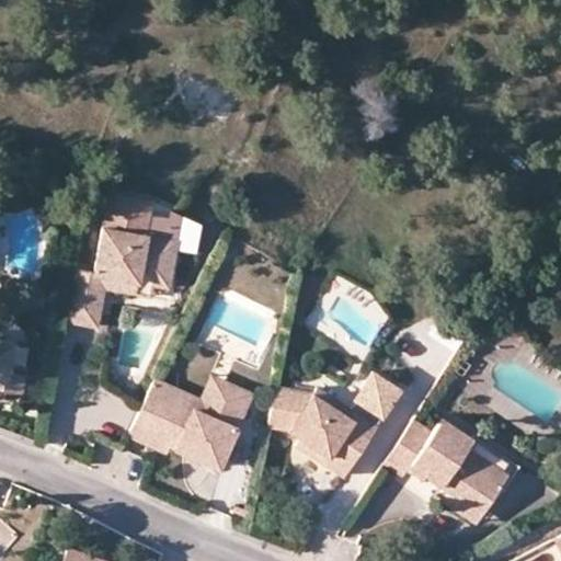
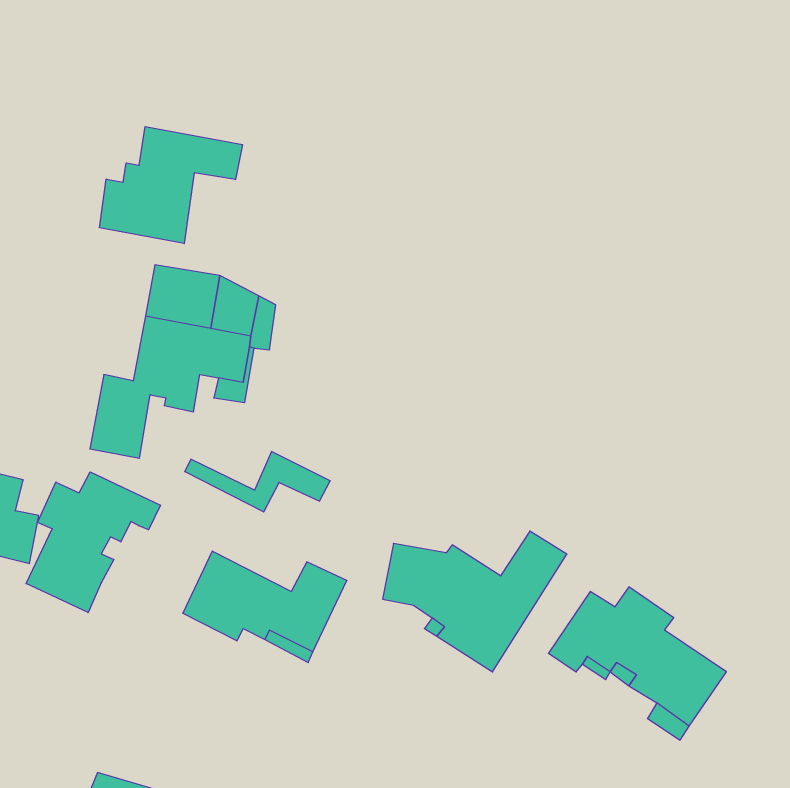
building: none -> [100,127,243,244]
building: none -> [26,472,161,613]
building: [150,378,253,421] -> [185,452,330,512]

